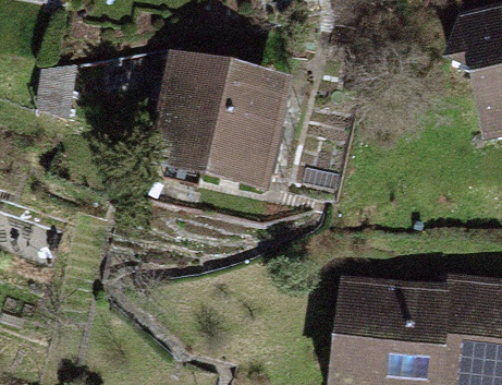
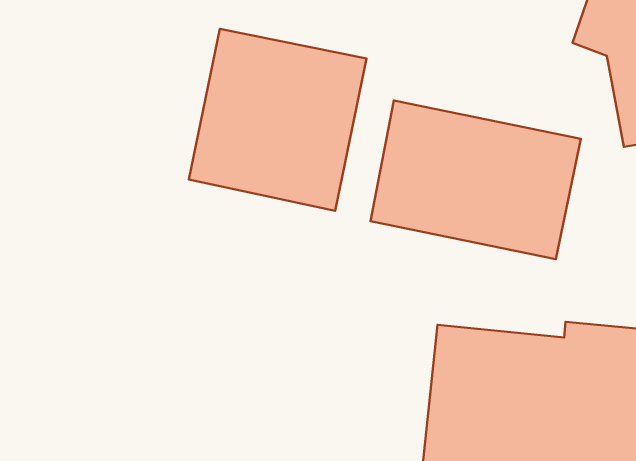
building: none -> [370,100,581,259]

